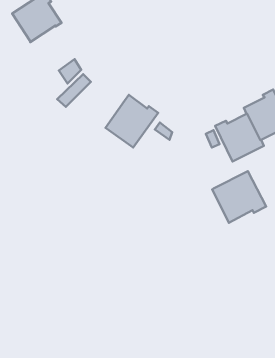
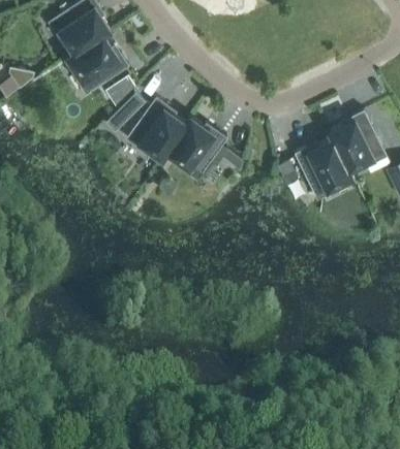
building: none -> [66,34,129,92]
building: none -> [128,97,186,160]
building: [212,171,266,223] -> none

